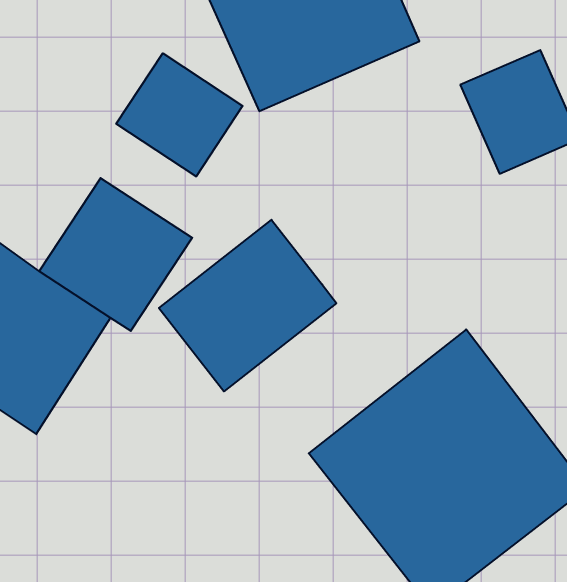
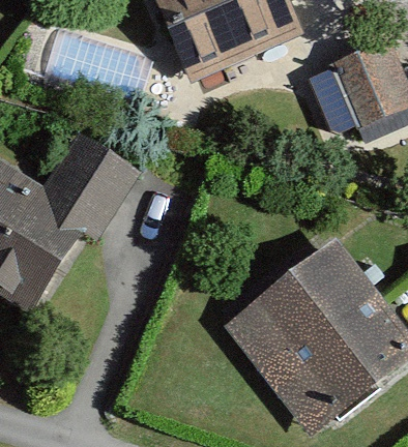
building: [116,53,243,177] -> none
building: [159,220,336,391] -> none

